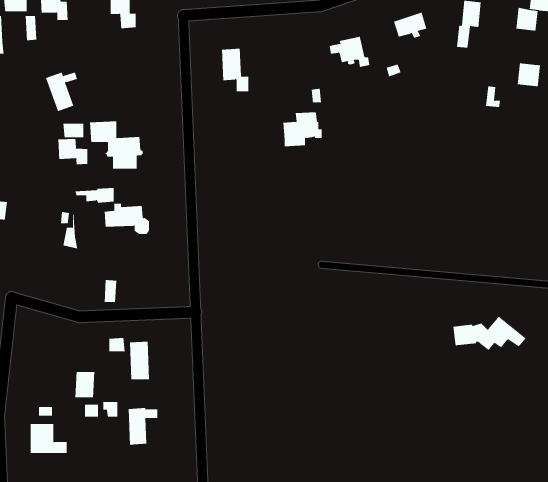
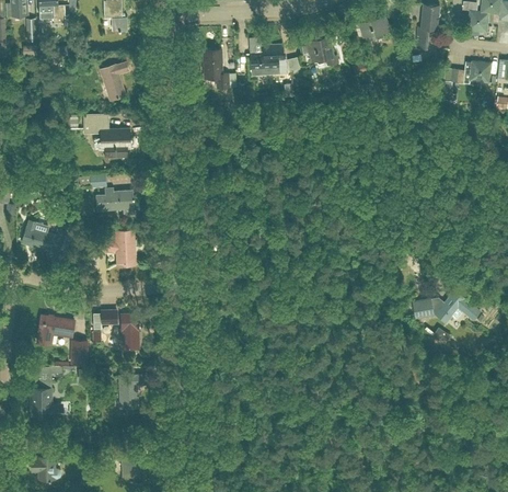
building: [45,72,78,112] -> [99,64,128,100]
building: [283,112,323,147] -> [251,45,287,77]
building: [58,138,88,165] -> none
building: none -> [21,221,64,252]
building: none -> [100,231,135,265]
building: none -> [36,316,73,346]

